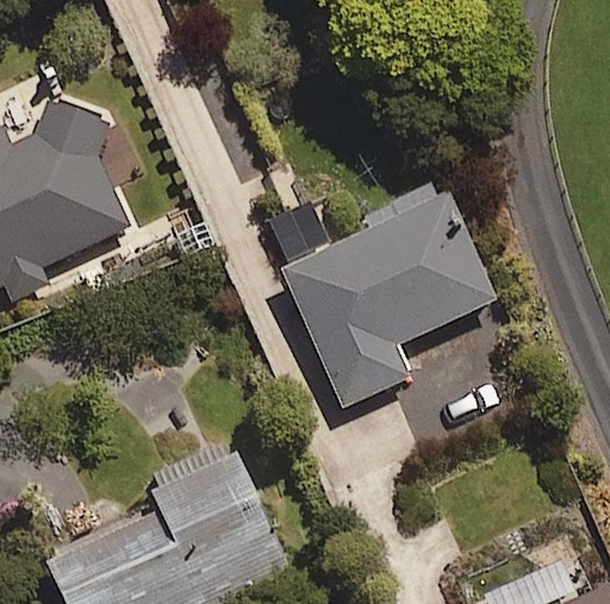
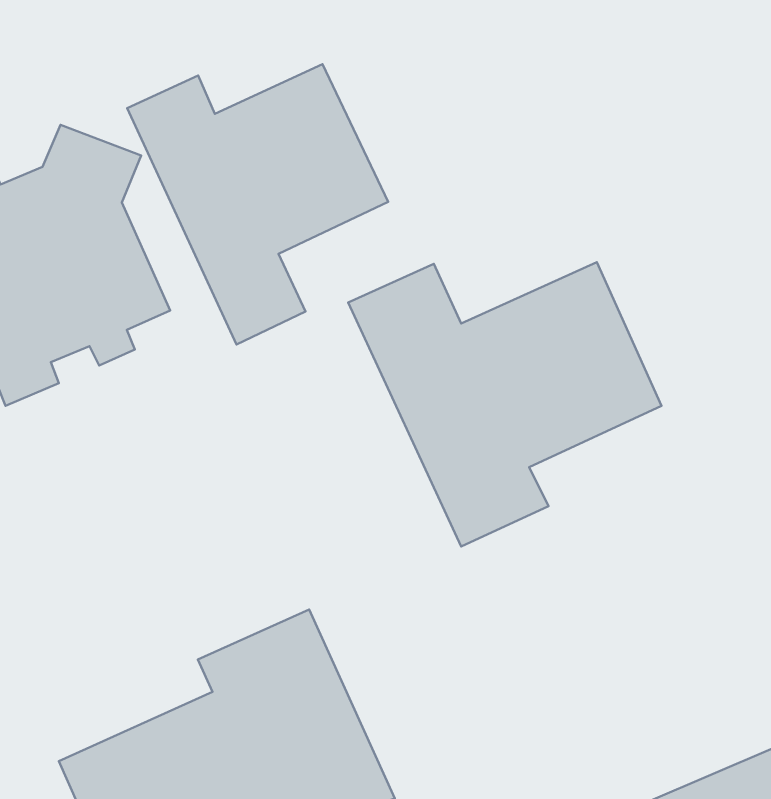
building: none -> [127,64,388,344]

